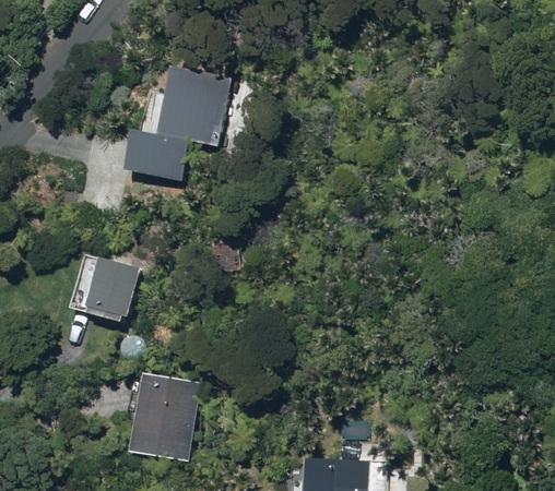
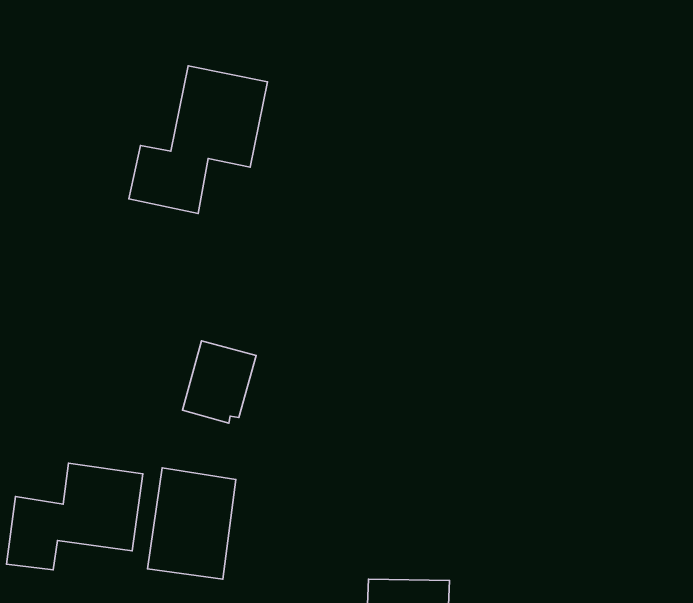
building: [87,256,143,319] -> [183,341,256,423]
building: none -> [6,463,143,570]

